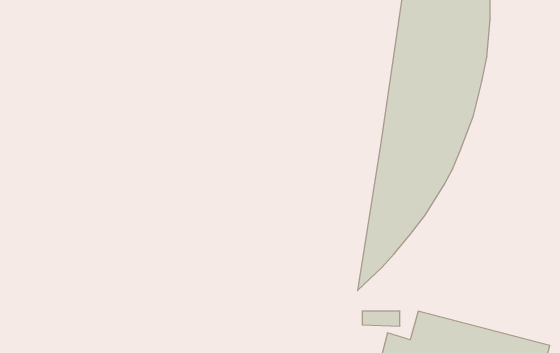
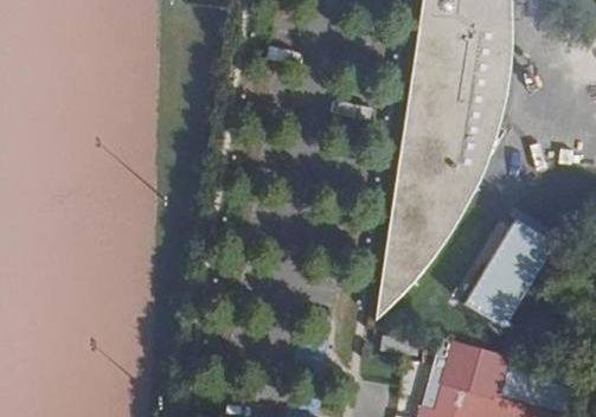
building: none -> [457,220,558,329]

